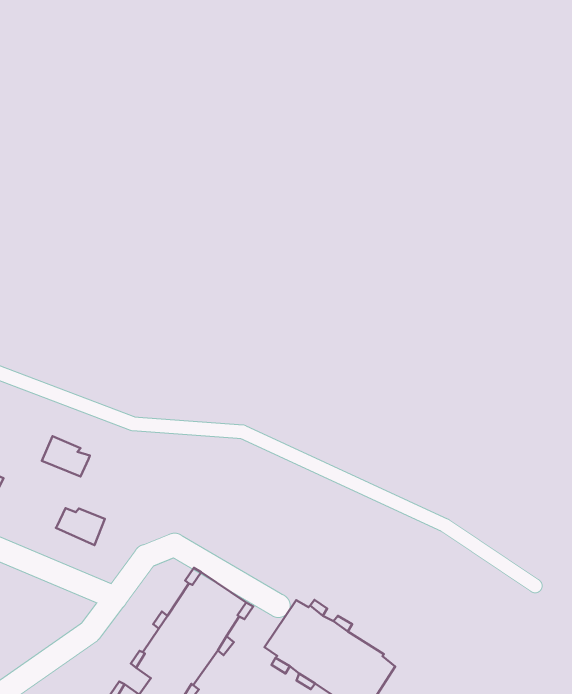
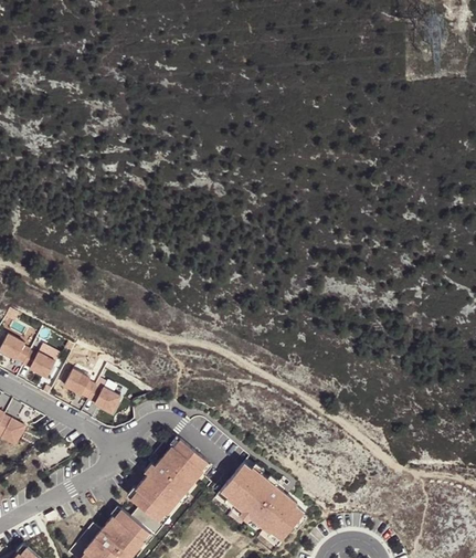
building: [42,436,90,477] -> [64,369,96,398]

